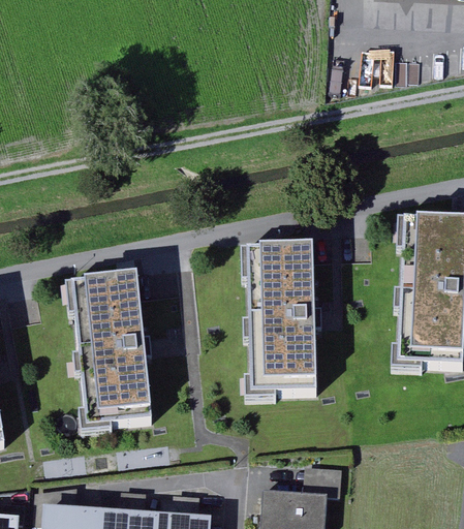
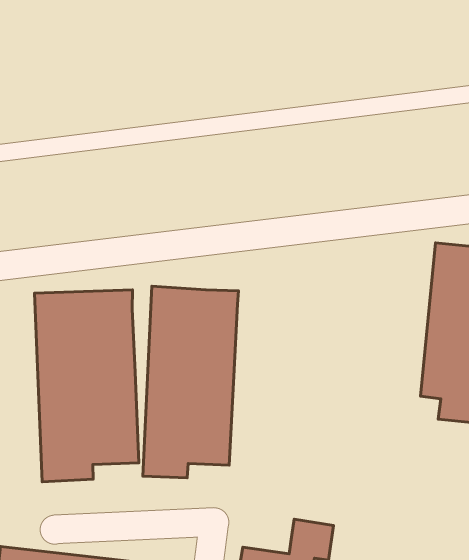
building: [244,246,320,410] -> [143,286,238,478]

